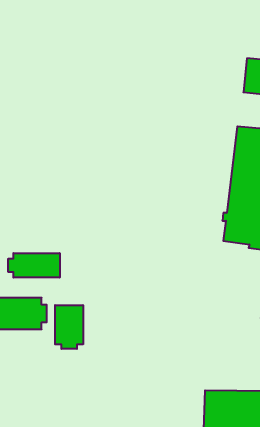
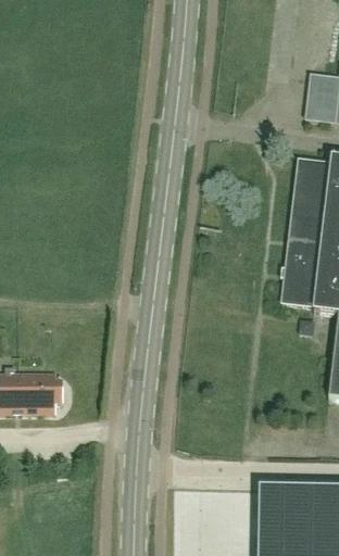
building: [8,253,60,278] -> none
building: [55,305,83,349] -> none

